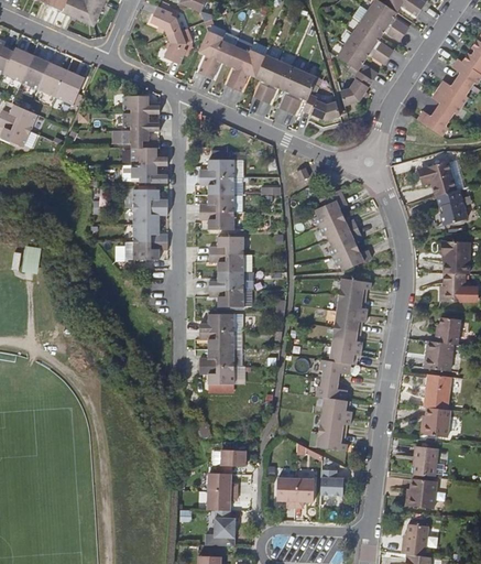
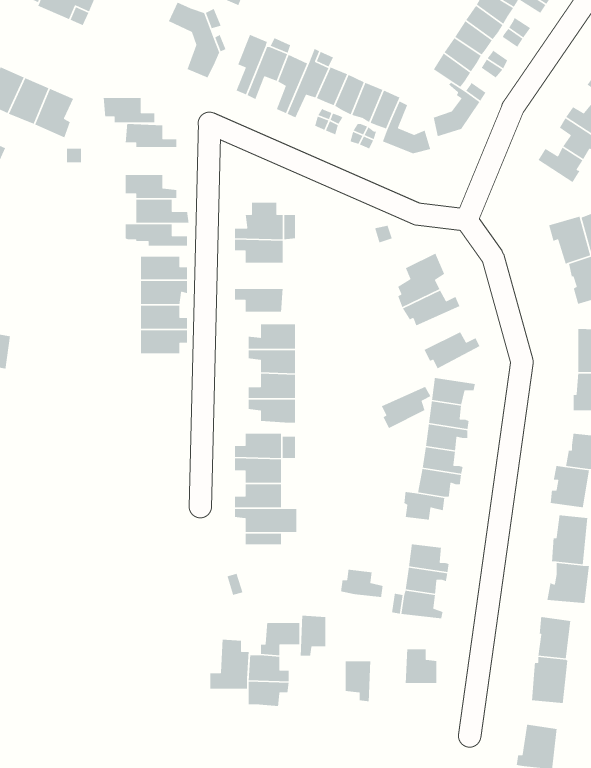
building: [120,111,157,130] -> [103,97,155,123]
building: [198,194,233,212] -> none
building: [328,225,364,256] -> [381,386,432,429]
building: [315,376,346,397] -> [340,569,383,598]
building: [295,478,314,508] -> [300,615,326,656]
building: [207,510,236,546] -> [209,639,250,690]

